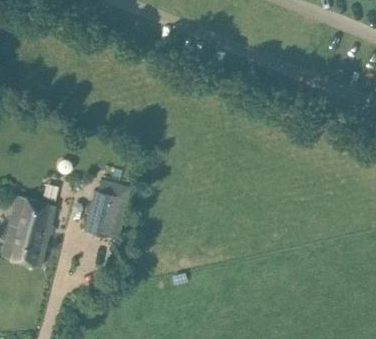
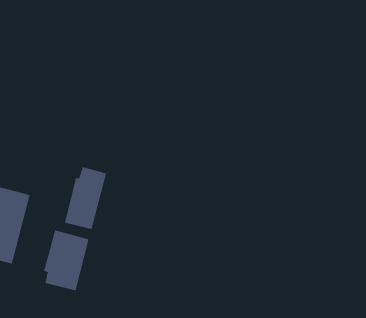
building: none -> [44,229,89,291]

